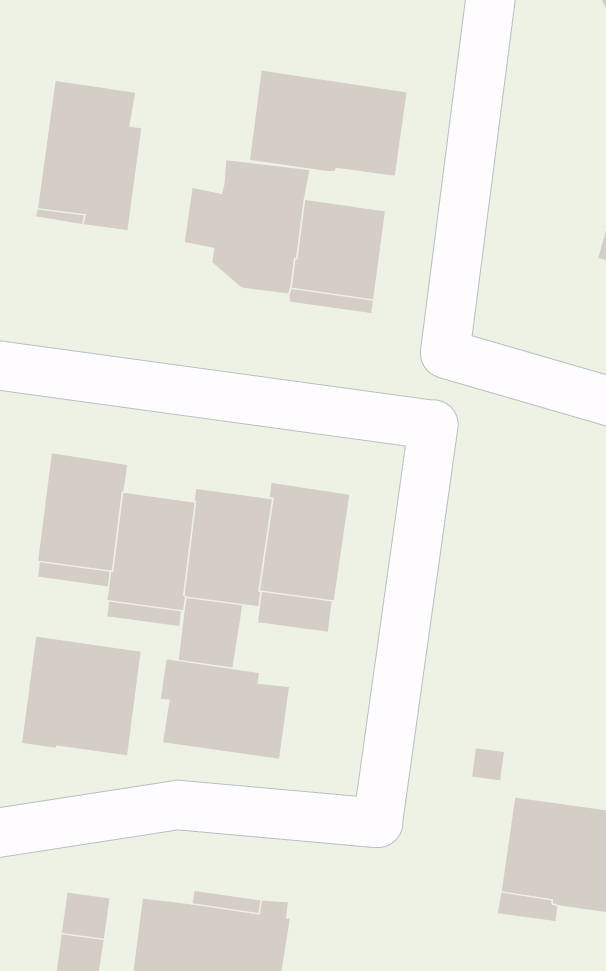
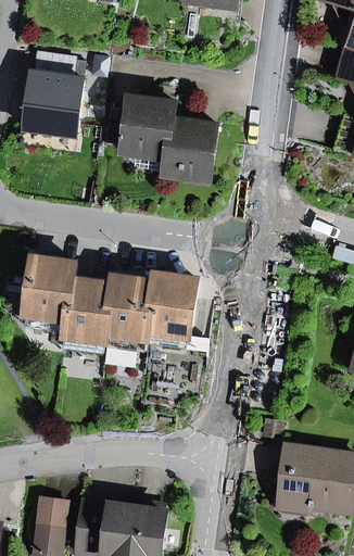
building: [249,70,408,177] -> none
building: [21,636,142,756] -> none
building: [160,659,290,760] -> none

